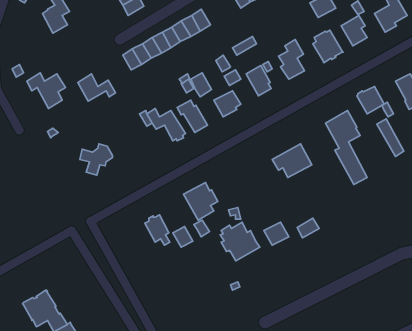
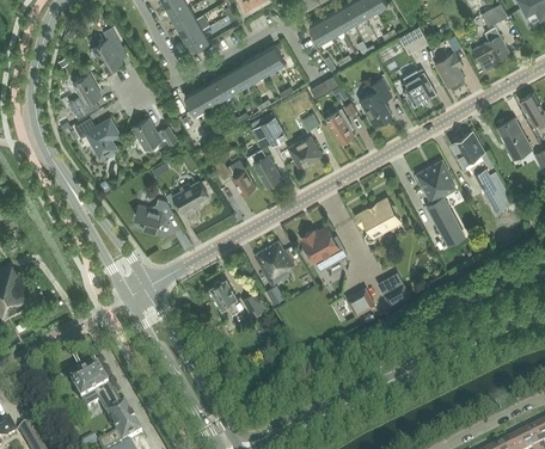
building: none -> [69,74,102,118]
building: none -> [166,180,209,211]
building: [220,222,260,261] -> [302,226,348,270]

